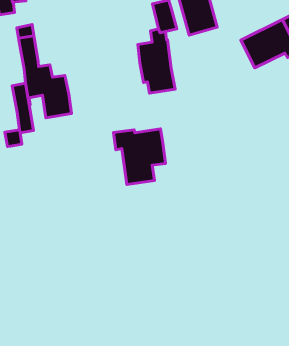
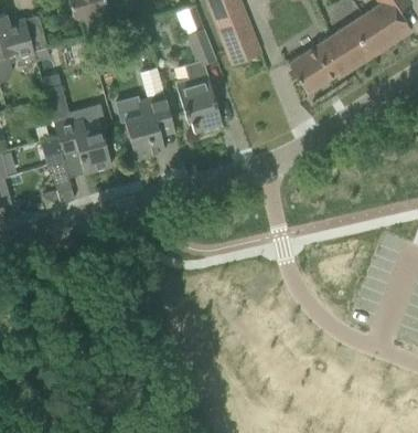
building: [114,129,166,184] -> [114,93,174,158]

